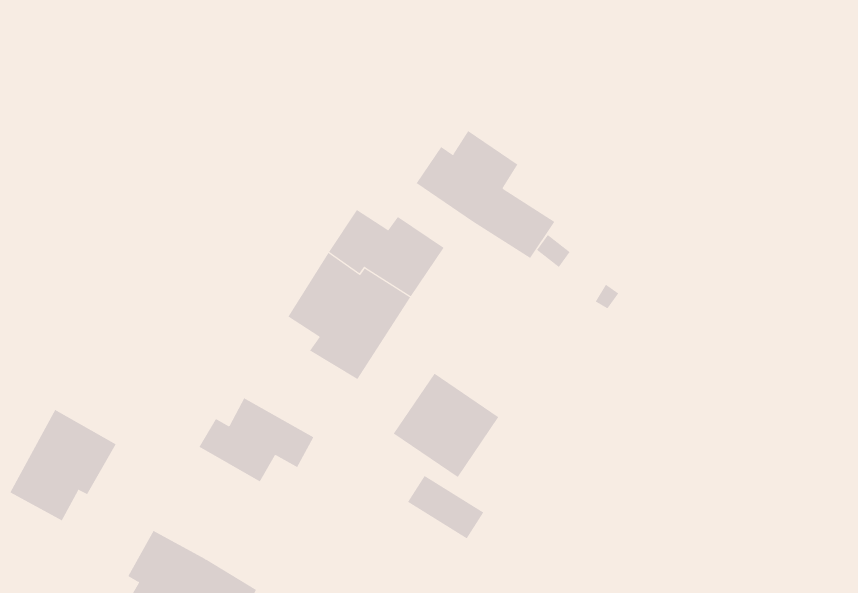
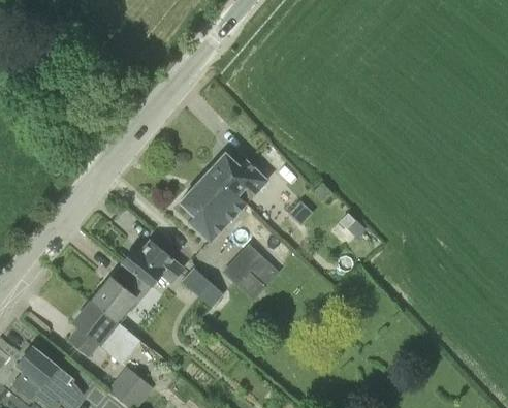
building: [416,130,555,259] -> none
building: [10,409,117,521] -> [90,261,150,320]
building: [407,475,484,539] -> [184,269,223,306]

